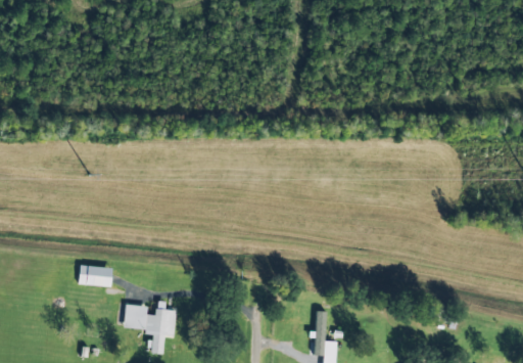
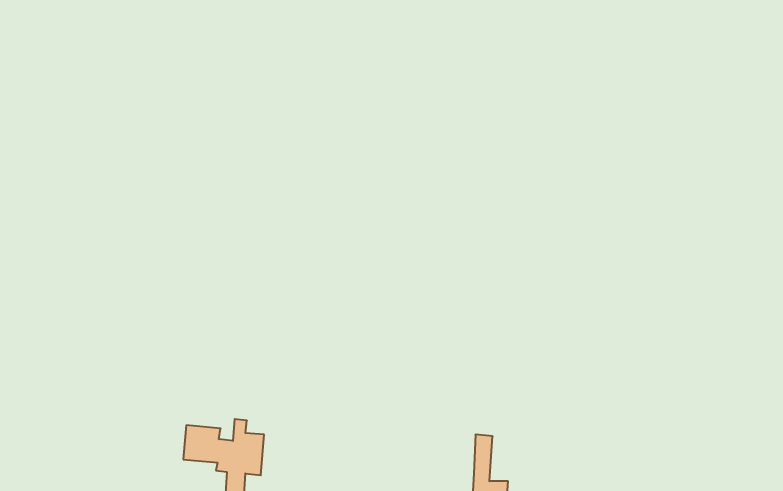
building: [80,266,111,286] -> none

